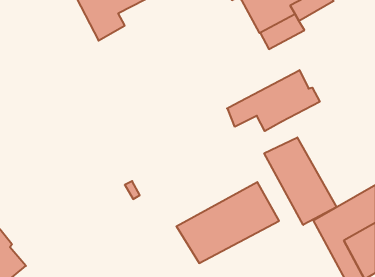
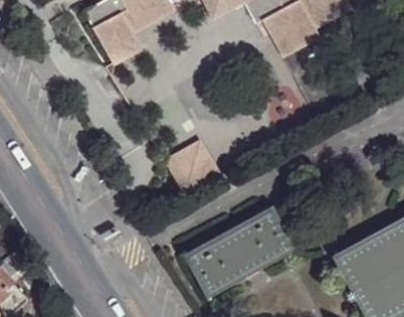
building: [227,70,320,131] -> none
building: none -> [161,135,219,190]
building: [264,137,336,225] -> none

